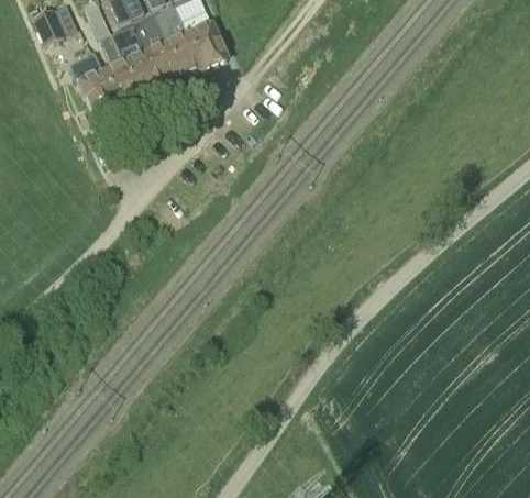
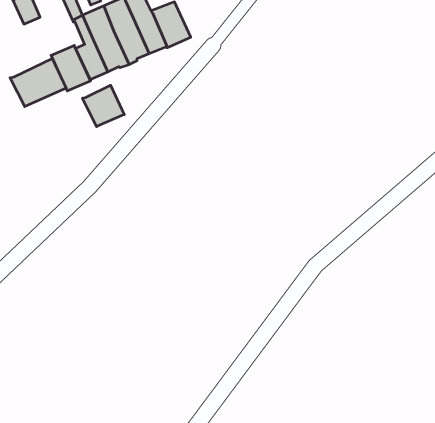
building: none -> [10,58,66,107]
building: none -> [83,85,124,127]

